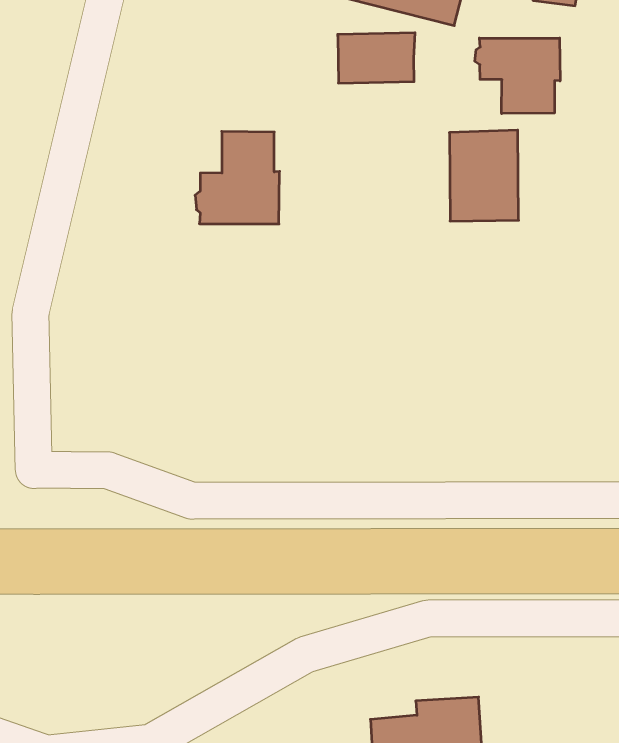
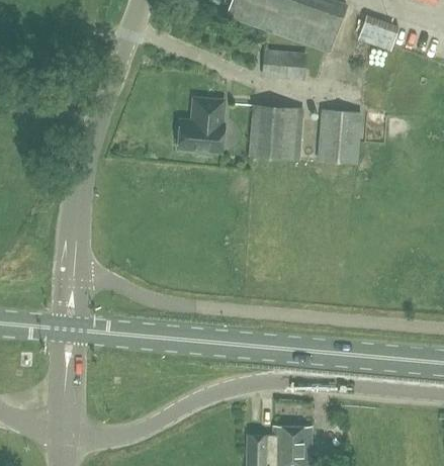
building: [475,38,560,114] -> none
building: none -> [250,106,302,161]

